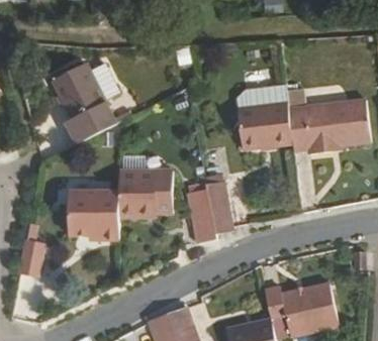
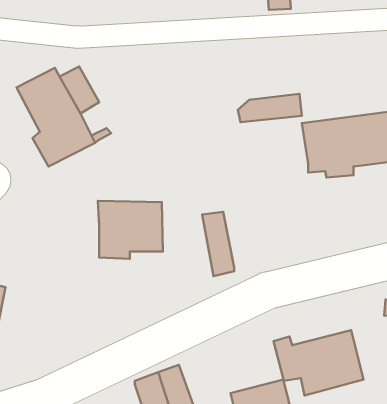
building: [235,103,291,148] -> none
building: [186,190,215,243] -> none
building: [69,193,119,240] -> none

